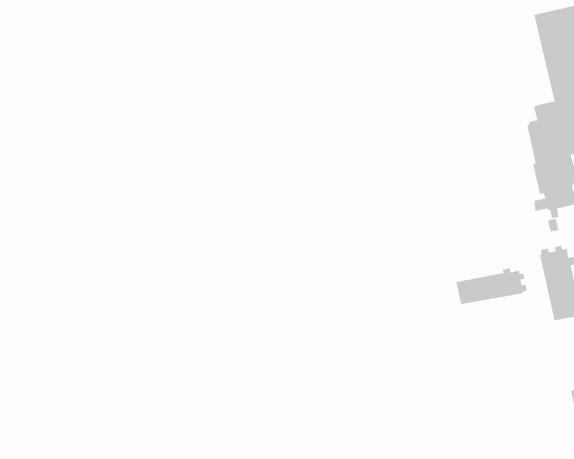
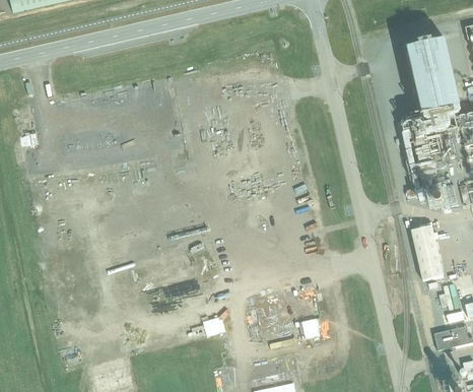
building: [456,267,527,305] -> none

